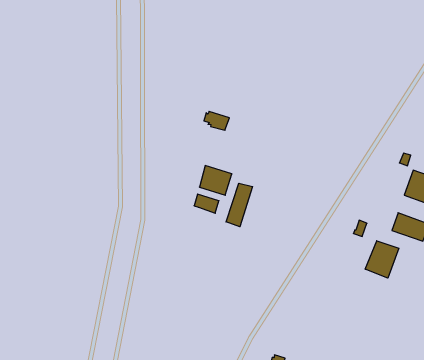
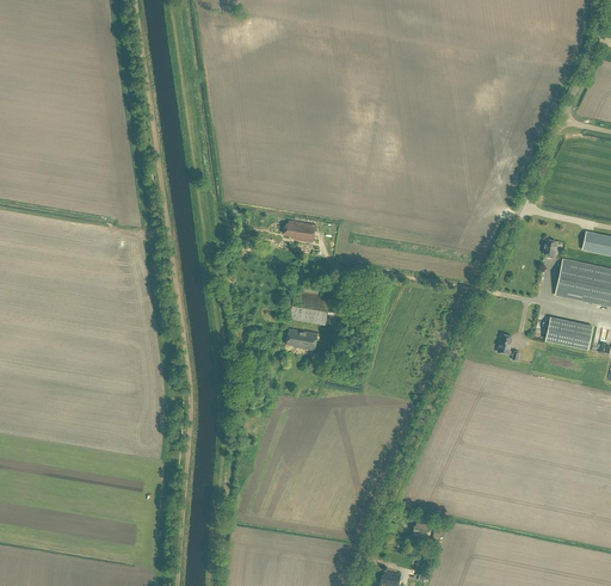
building: [226,183,253,227] -> none
building: [365,241,399,278] -> none

